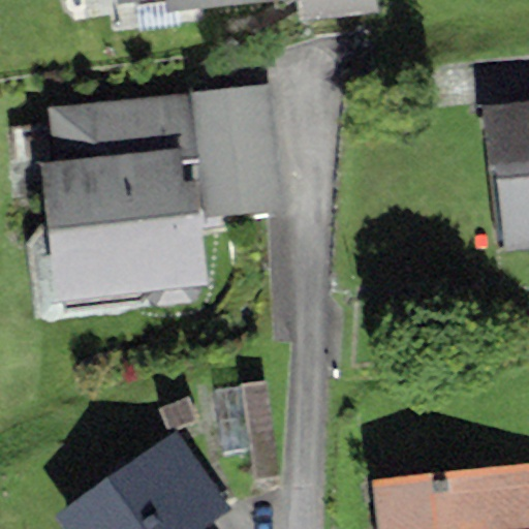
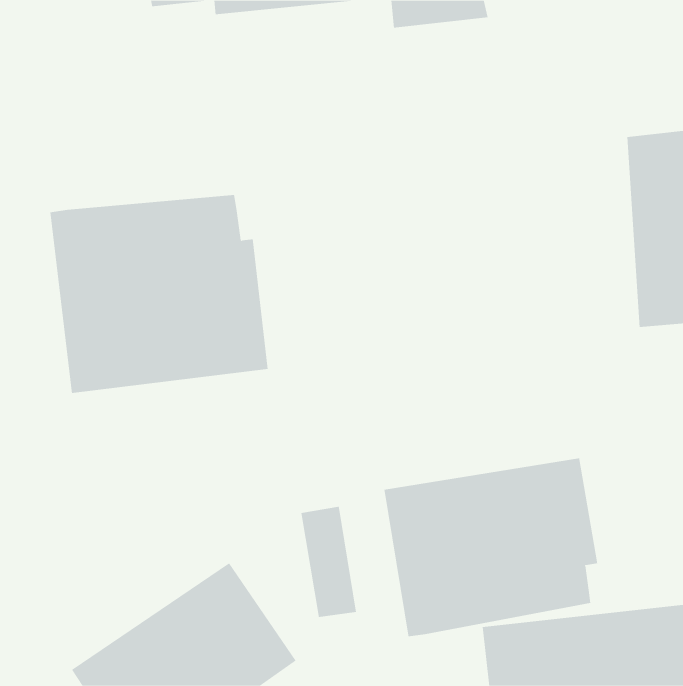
building: [50,94,198,162] -> none
building: none -> [384,458,598,637]

